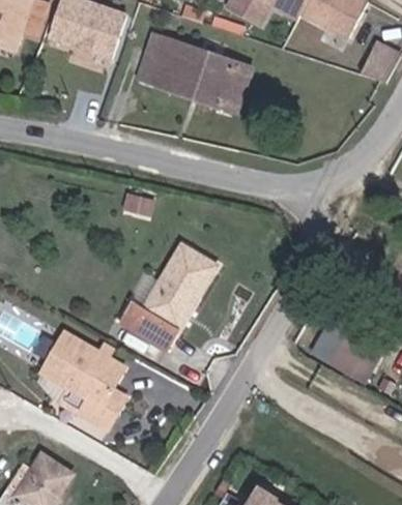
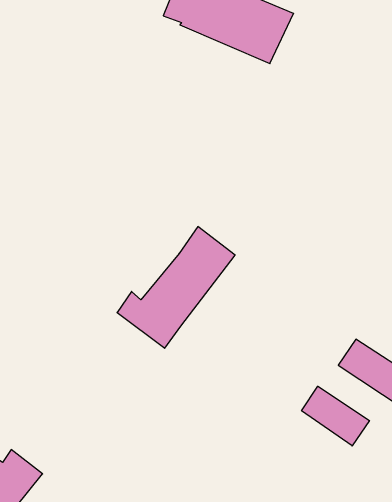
building: [38,328,122,422] -> none
building: none -> [302,386,369,446]

